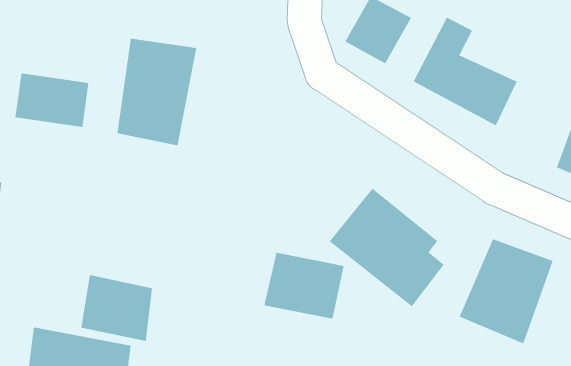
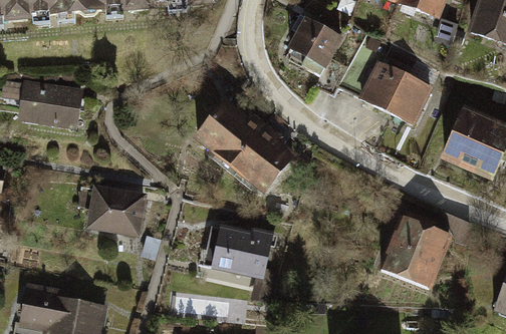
building: [117,38,197,146] -> none
building: [329,188,444,307] -> [191,96,284,193]
building: [81,274,153,342] -> [90,185,149,239]

